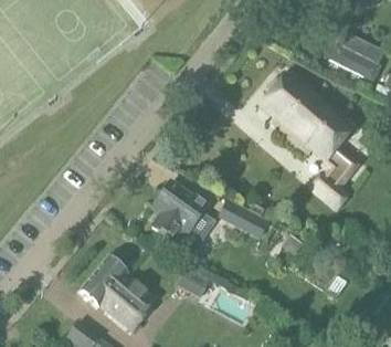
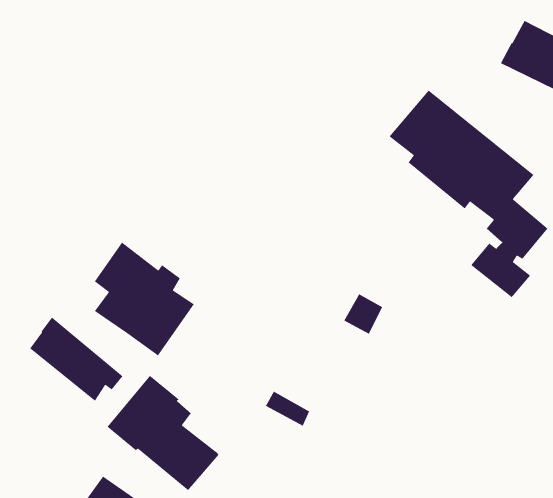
building: [152,181,216,254] -> [94,242,195,356]
building: none -> [29,316,124,402]

